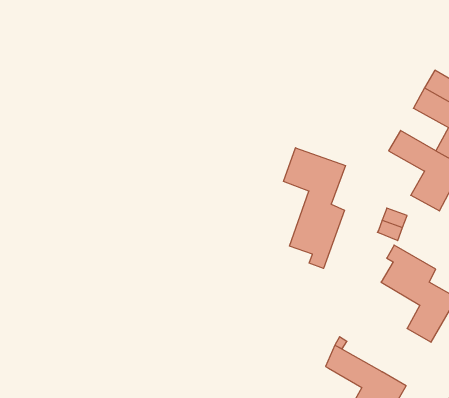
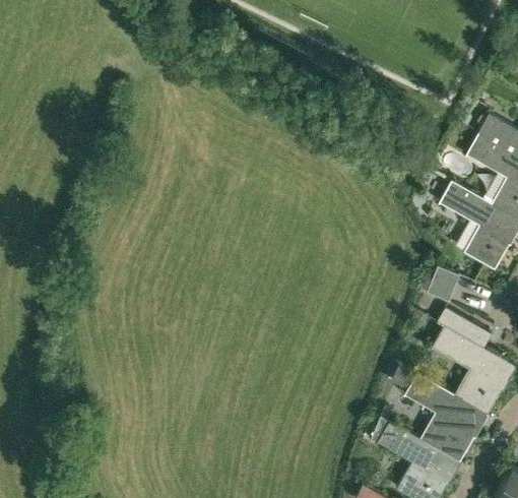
building: [283,148,345,268] -> none
building: none -> [405,373,485,461]

